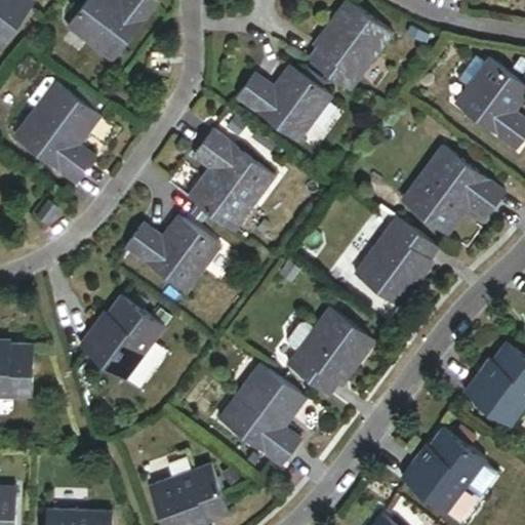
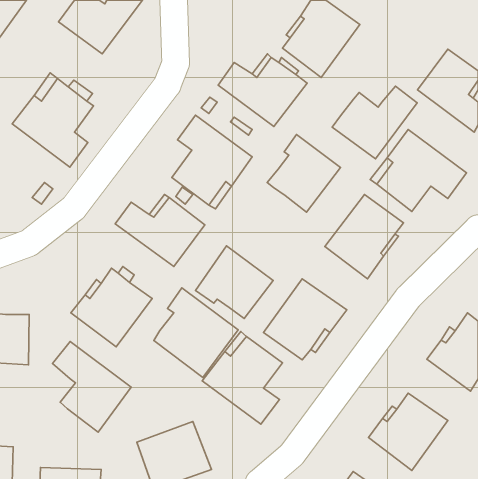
building: none -> [332,86,417,159]
building: none -> [267,134,340,212]
building: none -> [196,246,273,318]
building: none -> [154,288,238,377]
building: none -> [52,341,131,432]

